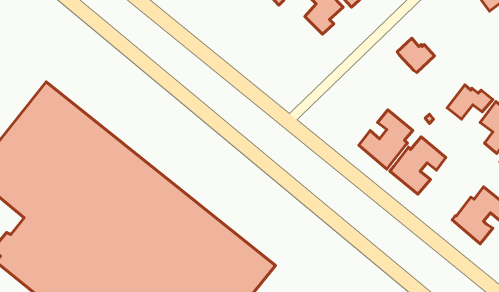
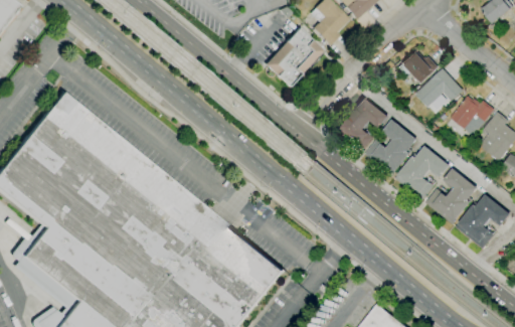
building: none -> [265,28,323,88]
building: none -> [415,68,465,108]
building: none -> [336,98,388,152]
building: none -> [425,168,478,225]

